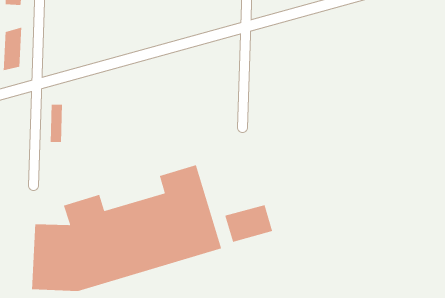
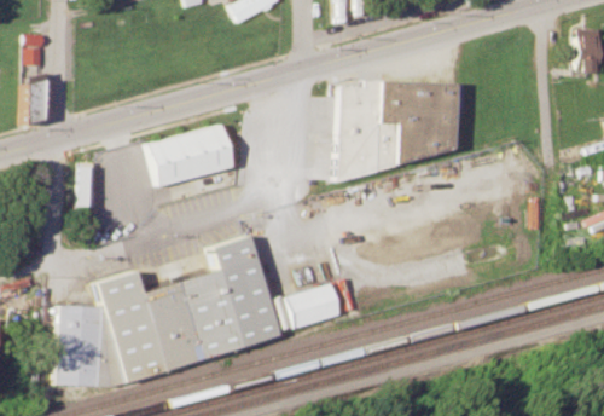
building: none -> [333,82,457,184]
building: none -> [147,125,234,187]

